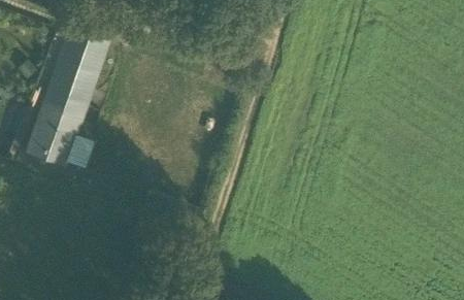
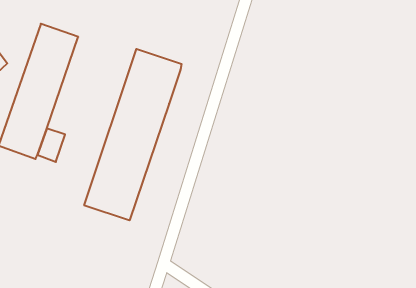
building: none -> [84,49,182,220]

